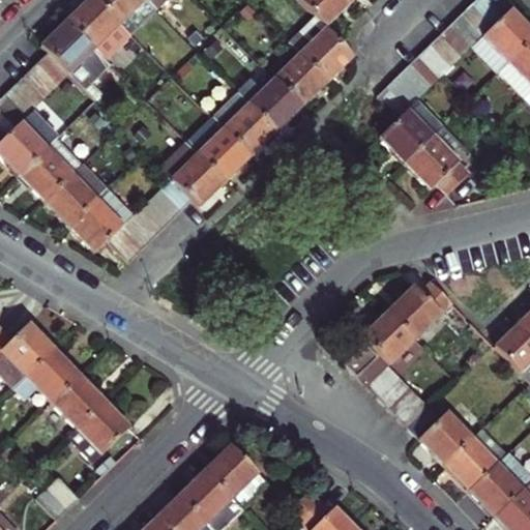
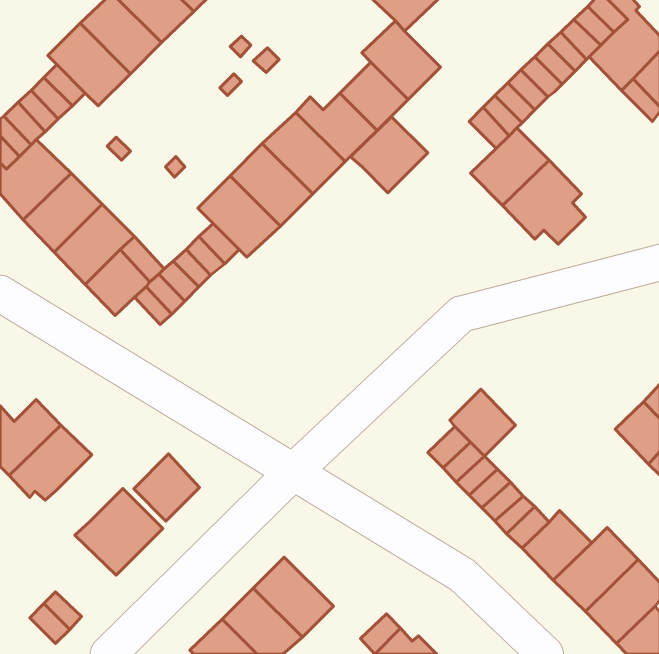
building: none -> [350,117,428,193]
building: [386,279,454,341] -> none
building: [47,364,99,418] -> [134,454,200,521]

